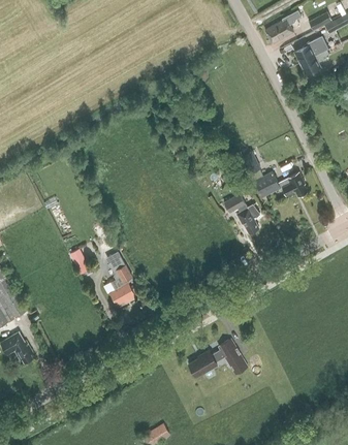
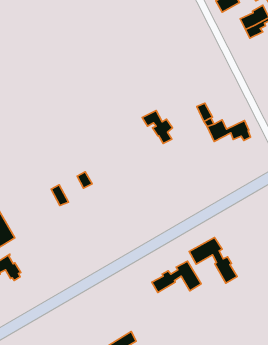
building: [224,194,260,233] -> [142,111,173,144]
building: [108,255,136,306] -> none
building: none -> [189,237,237,283]

